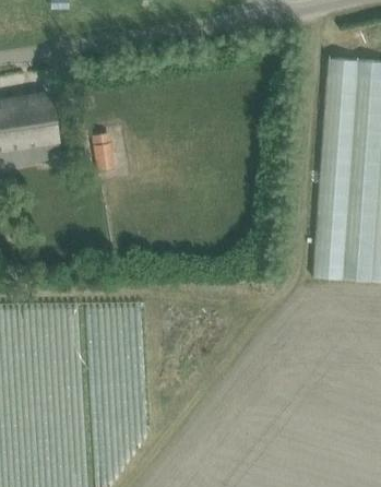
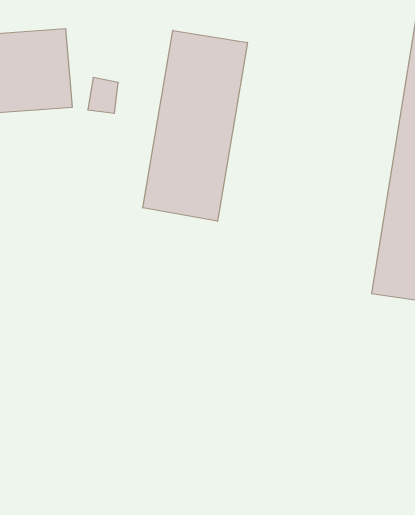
building: none -> [143,30,247,221]

